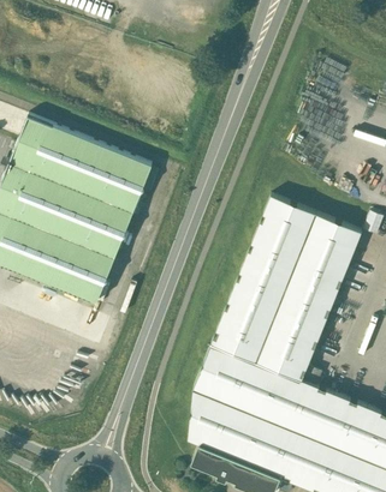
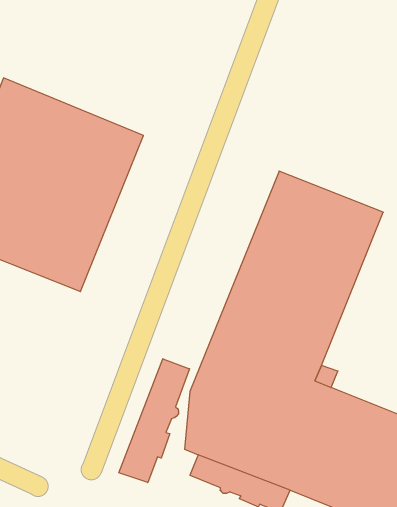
building: none -> [119,359,190,483]

